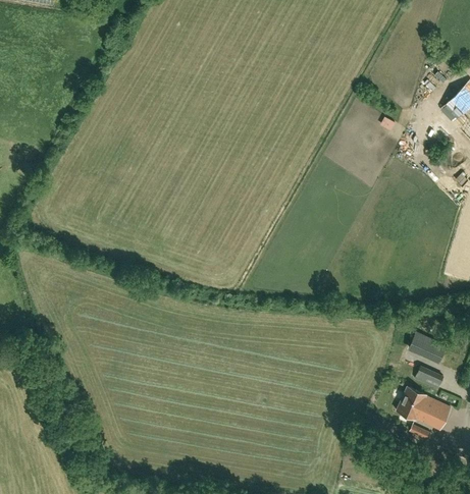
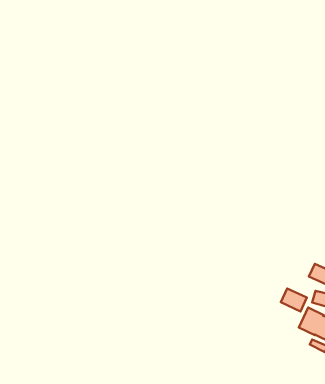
building: none -> [281,288,307,312]

